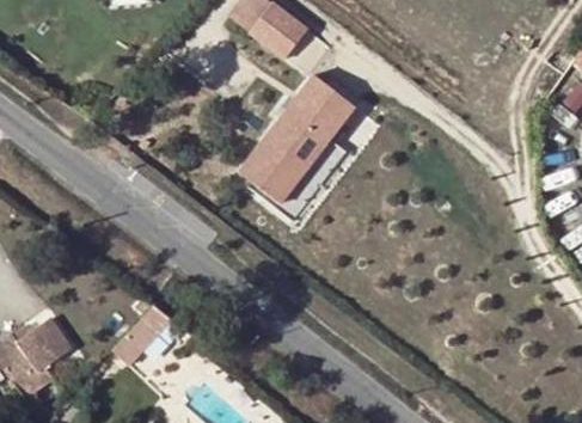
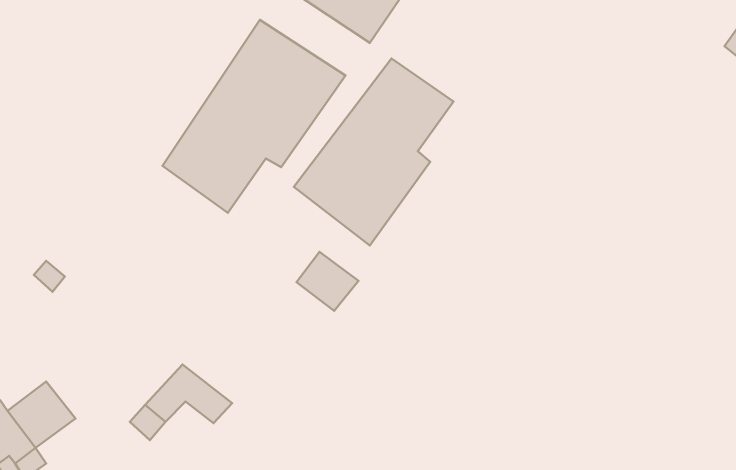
building: none -> [163,20,345,213]
building: none -> [297,252,358,311]

